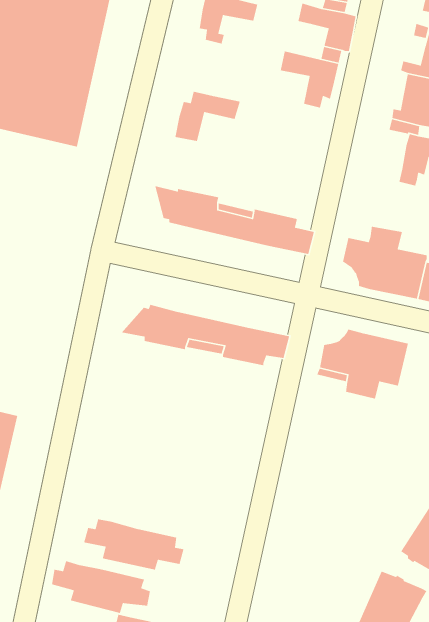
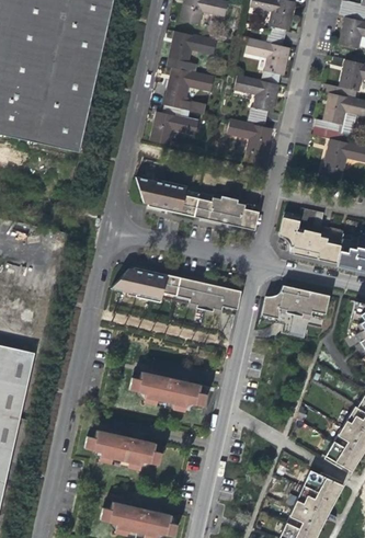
building: none -> [167,68,214,110]
building: none -> [236,116,270,165]
building: [51,560,151,614] -> [128,371,204,412]

